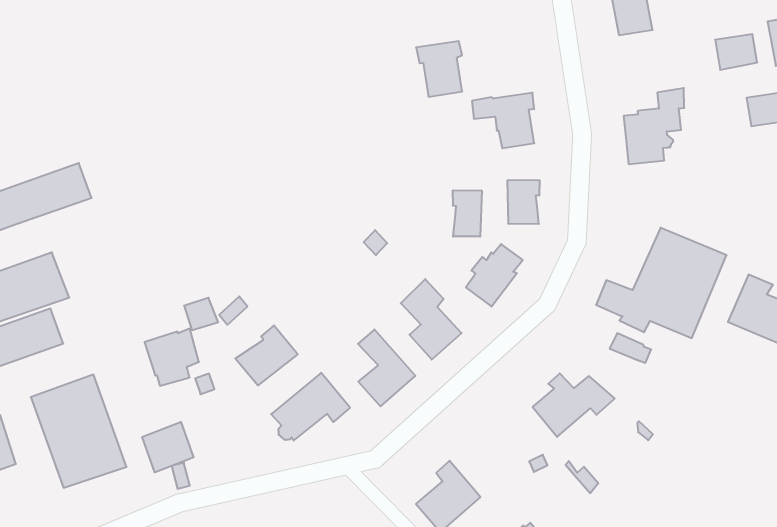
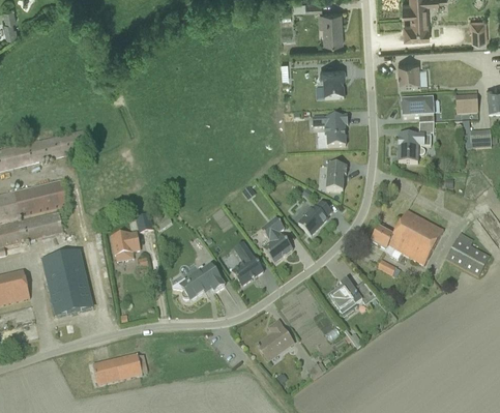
building: [416,41,462,97] -> [319,67,345,97]
building: none -> [400,98,434,122]
building: [453,190,482,237] -> none
building: [235,325,298,385] -> none
building: [142,422,194,472] -> none

